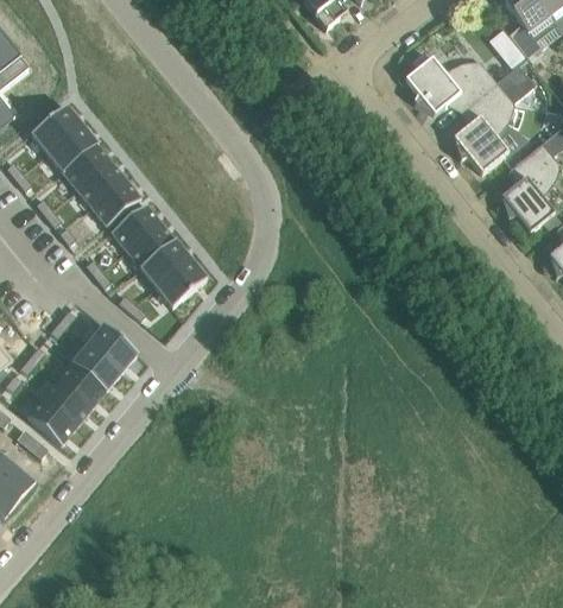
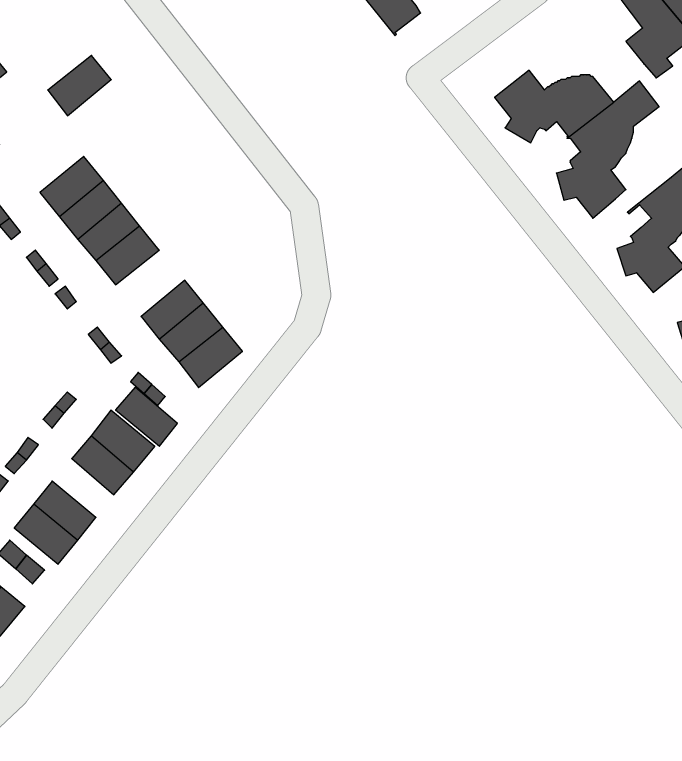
building: [31,104,81,152] -> [48,55,111,116]
building: [110,202,160,249] -> none
building: [56,361,105,407] -> [116,387,177,446]

